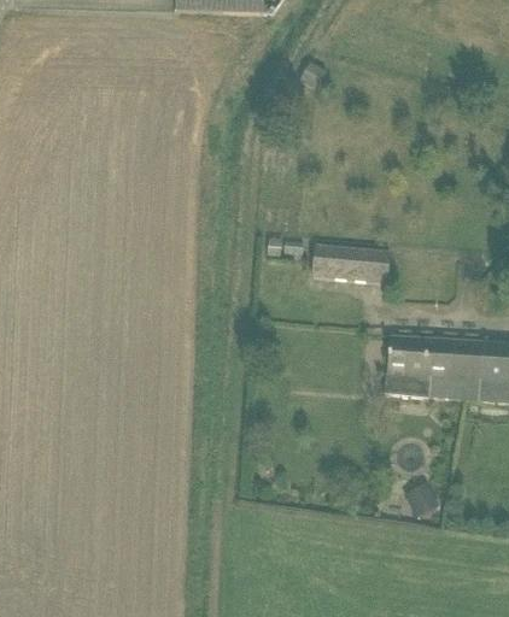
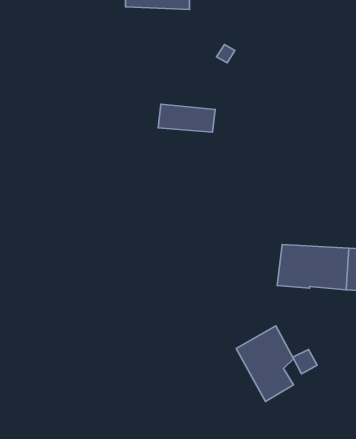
building: [312,245,391,283] -> [158,104,215,132]
building: none -> [236,326,294,401]

